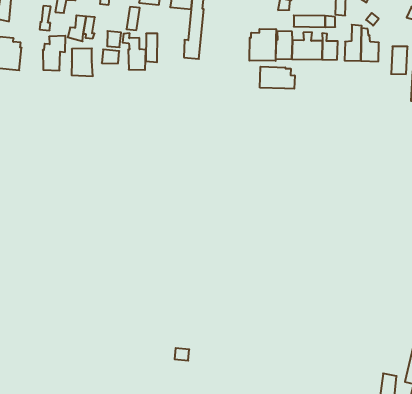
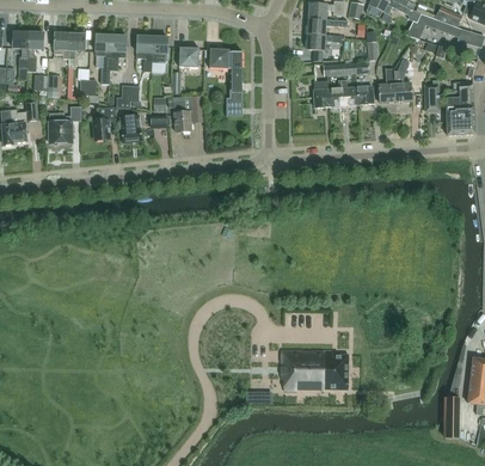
building: [249,29,276,61] -> none
building: [260,67,295,89] -> none
building: none -> [281,349,349,394]

